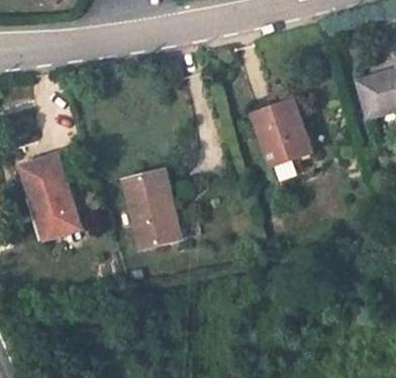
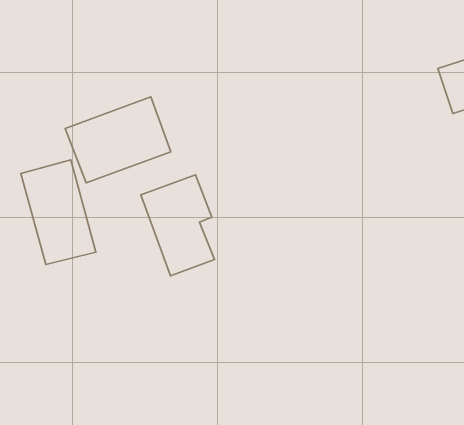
building: [250,97,306,178] -> none
building: none -> [65,97,171,183]

